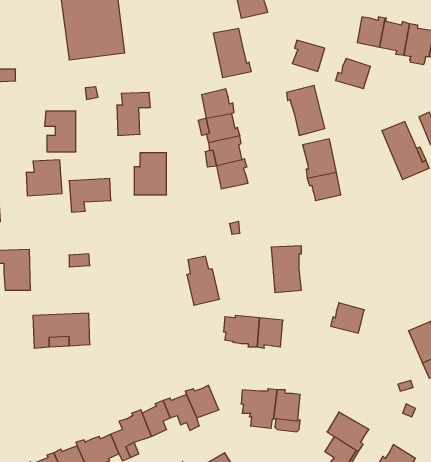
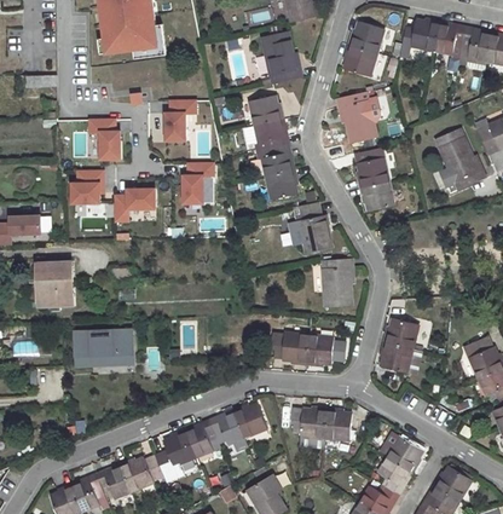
building: [336,58,371,89] -> [348,22,385,53]
building: [187,256,219,305] -> [299,202,333,253]
building: none -> [381,342,412,372]

